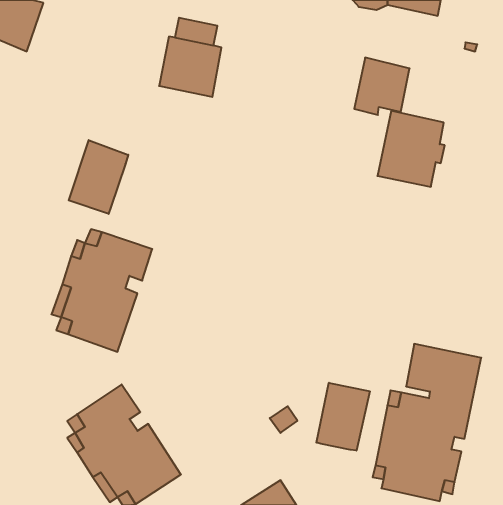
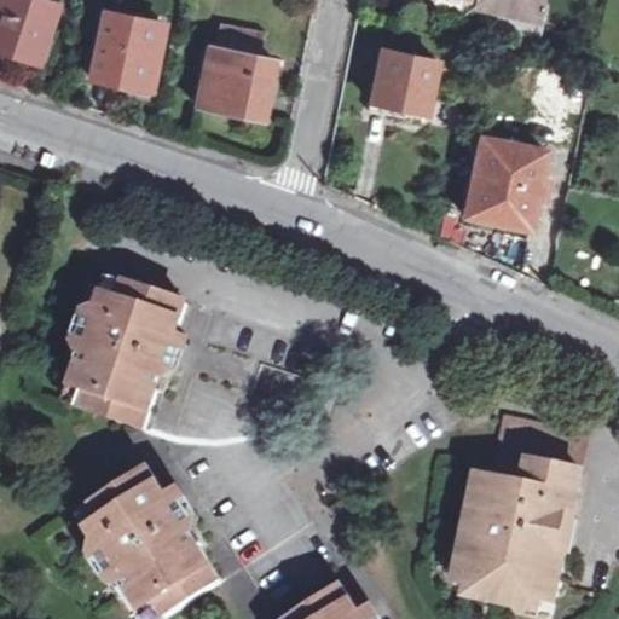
building: none -> [88,7,162,86]
building: [354,58,410,115] -> [368,46,435,116]
building: [69,140,128,214] -> none
building: [316,383,370,451] -> none

